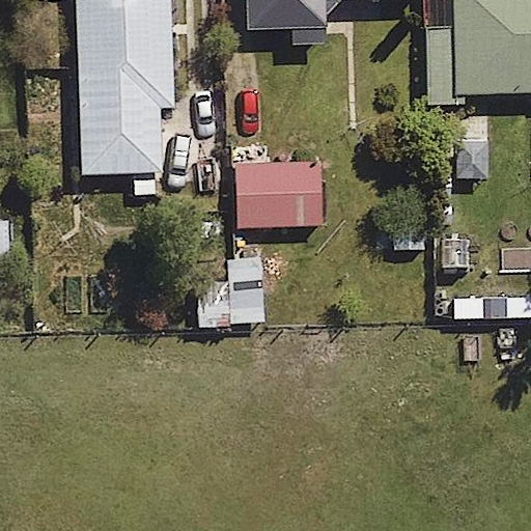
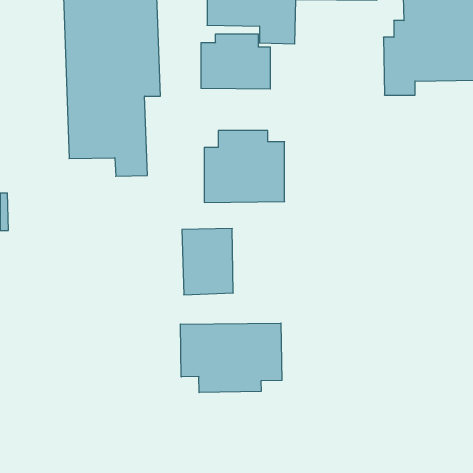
building: none -> [201,34,270,89]
building: none -> [180,323,282,393]

